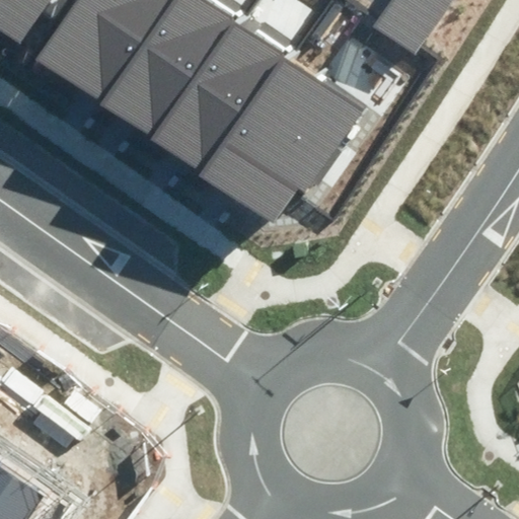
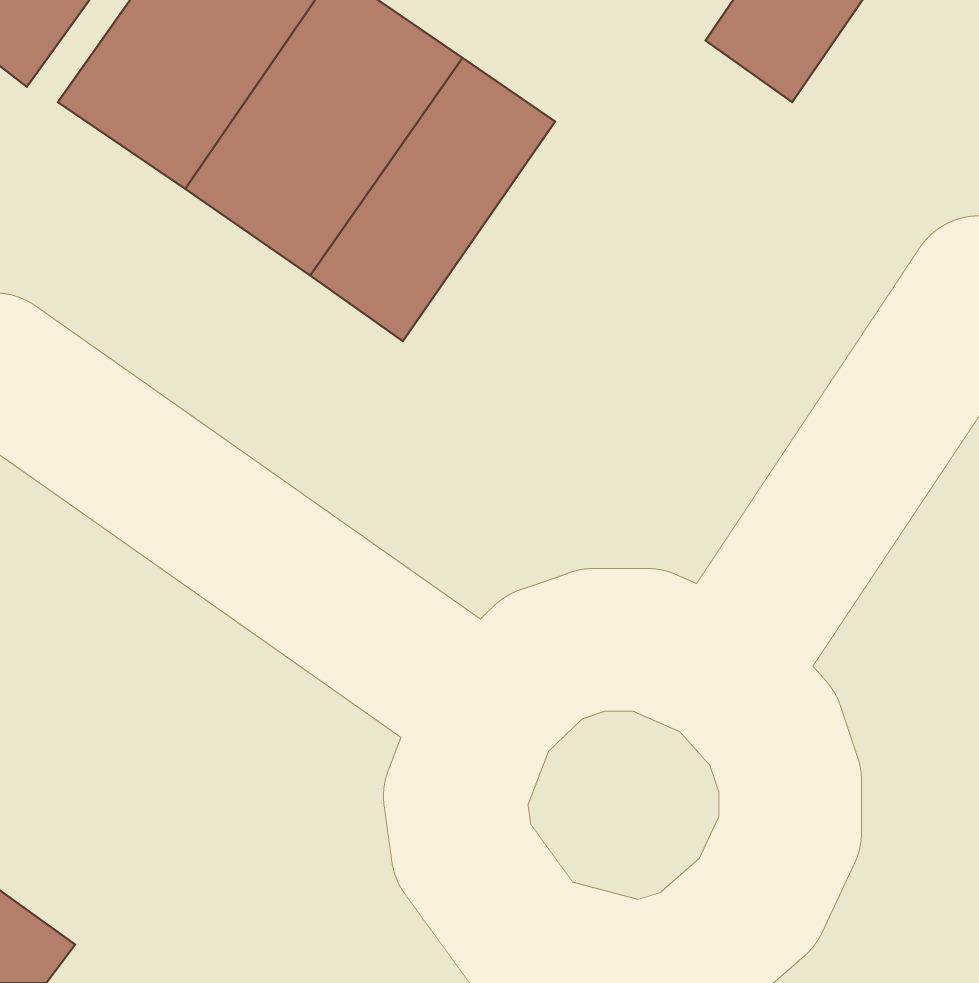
building: [212,64,365,221] -> none

